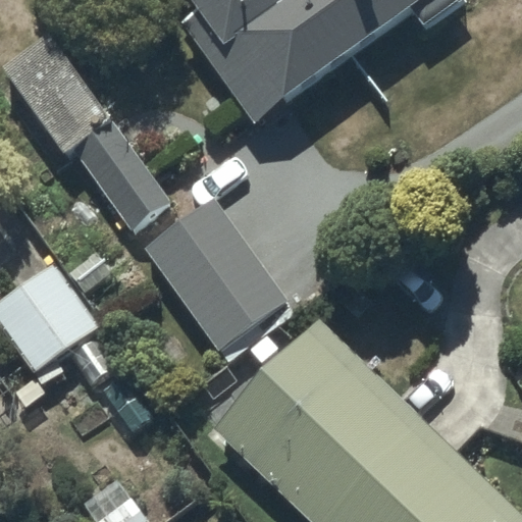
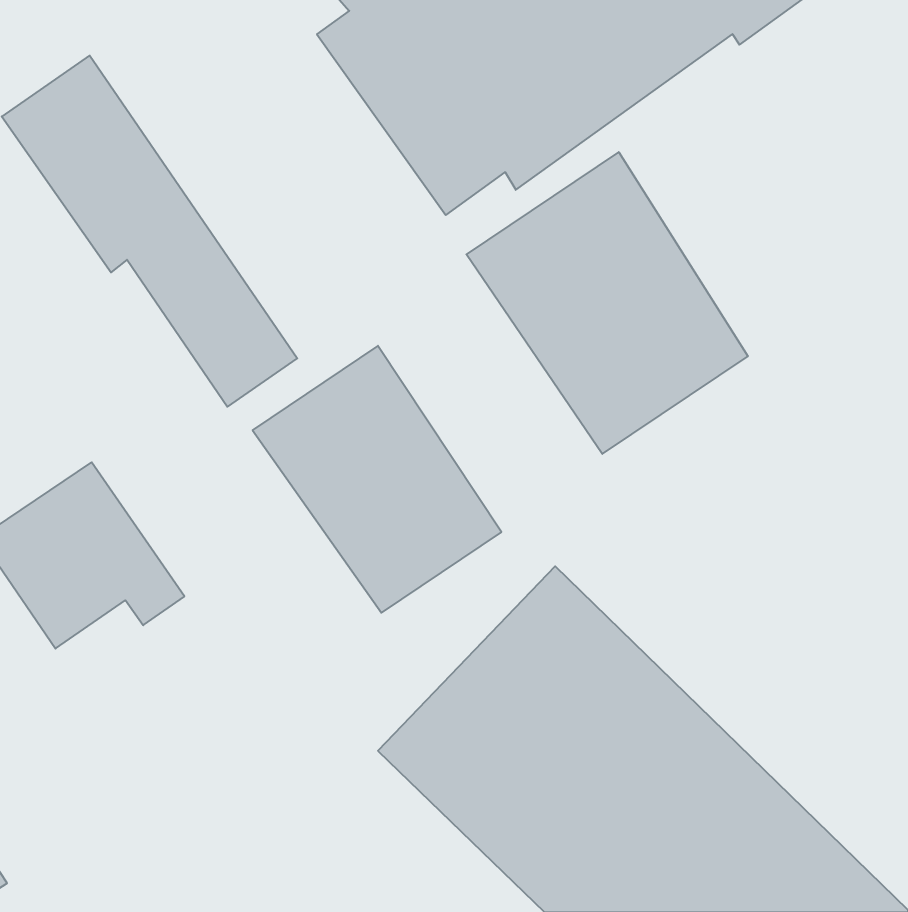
building: none -> [466,152,748,454]

